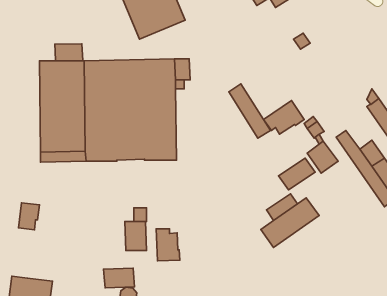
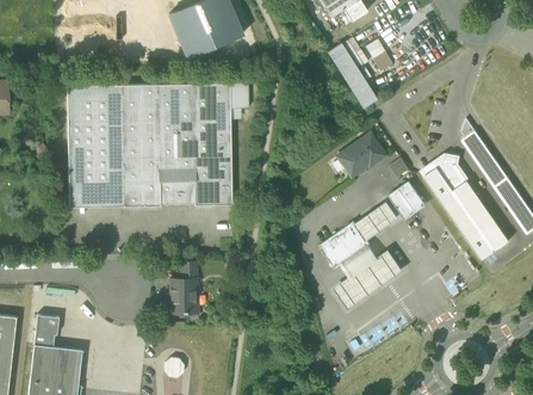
building: [55,44,83,61] -> none
building: [229,84,271,138] -> [327,42,377,107]
building: none -> [435,155,466,191]
building: none -> [318,221,370,269]
building: [19,203,39,230] -> [33,314,58,346]
building: [156,229,180,261] -> none
building: [104,268,134,288] -> none

